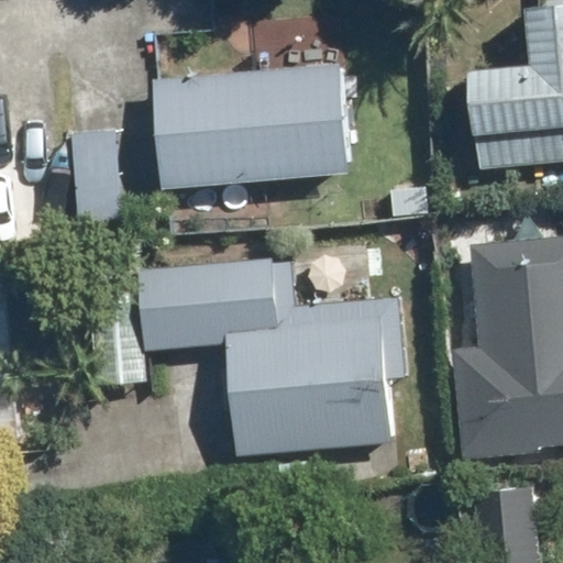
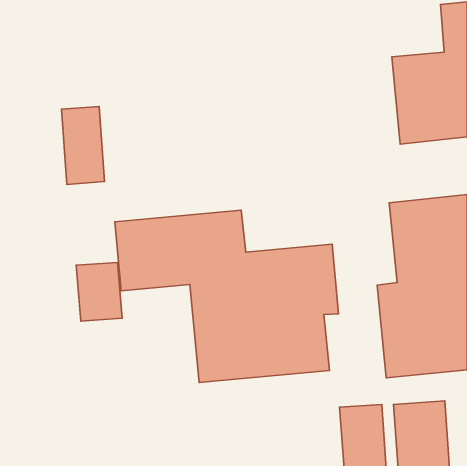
building: [156,65,352,188] -> none

